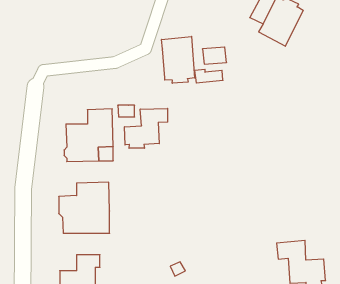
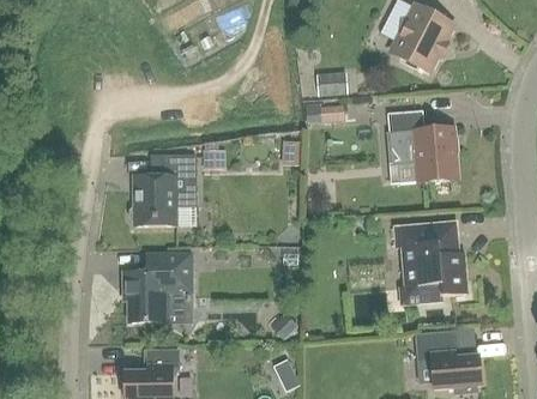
building: [162,36,194,83] -> none
building: none -> [388,110,457,182]
building: [125,108,168,148] -> none
building: none -> [394,220,467,302]

